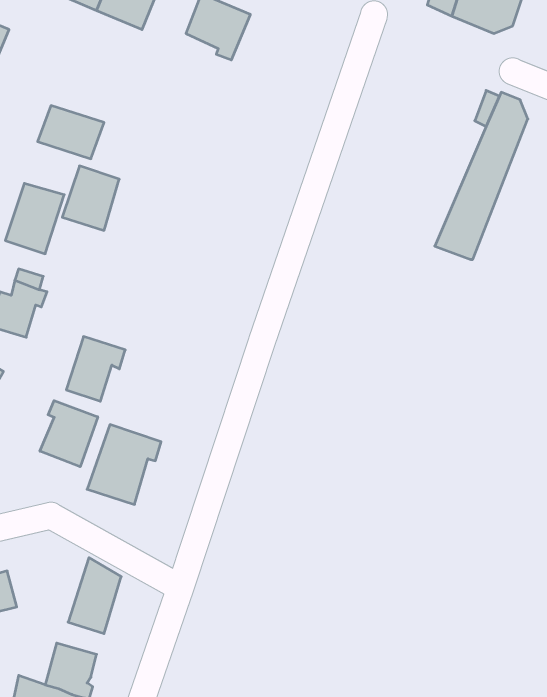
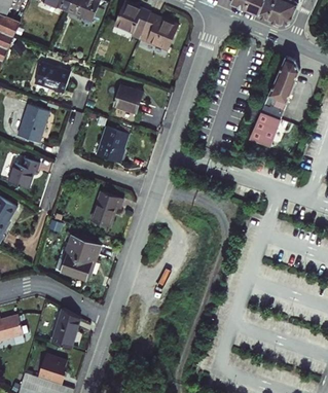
building: none -> [139,13,177,50]
building: none -> [113,86,141,112]
building: [62,166,119,230] -> [96,128,126,163]
building: [66,337,125,401] -> [90,191,122,226]
building: [40,401,98,467] -> none

